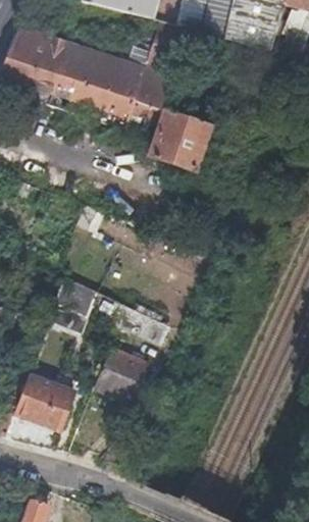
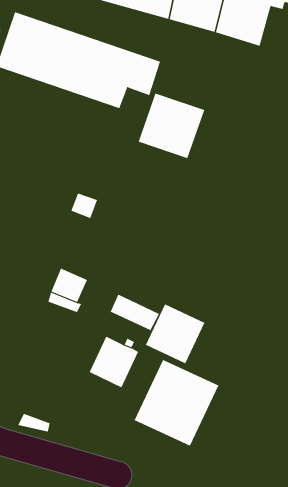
building: none -> [145,303,205,364]
building: none -> [134,359,219,447]
building: [14,376,72,432] -> none

